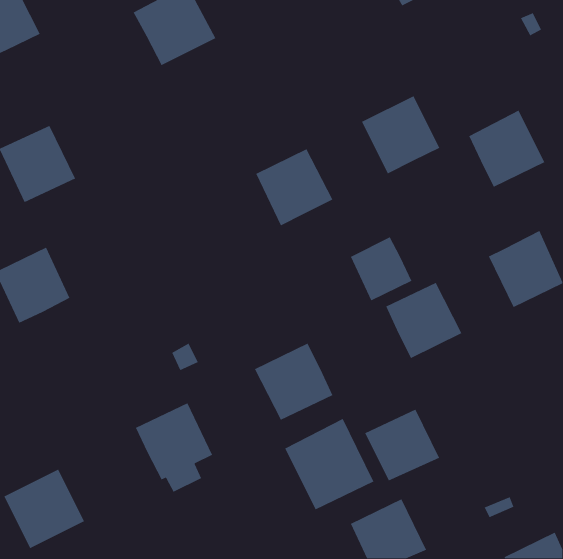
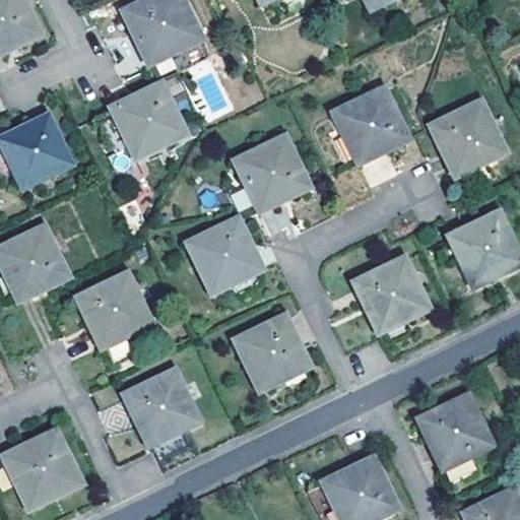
building: none -> [112,83,185,154]
building: [350,236,412,301] -> none
building: none -> [186,218,259,291]
building: none -> [77,273,148,362]
building: [364,408,440,481] -> [417,397,488,464]
building: [284,418,375,510] -> none

